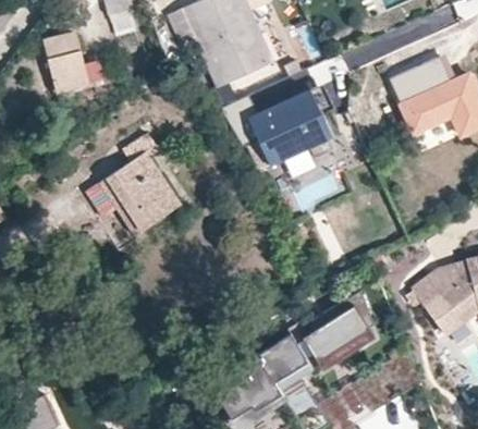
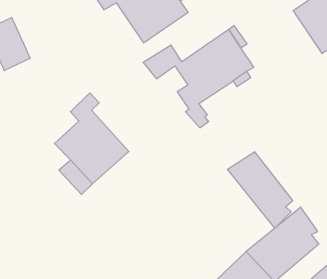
building: none -> [227,152,293,228]

